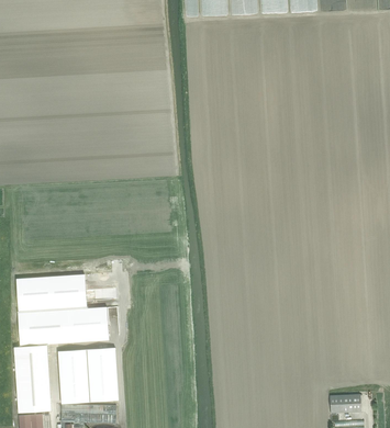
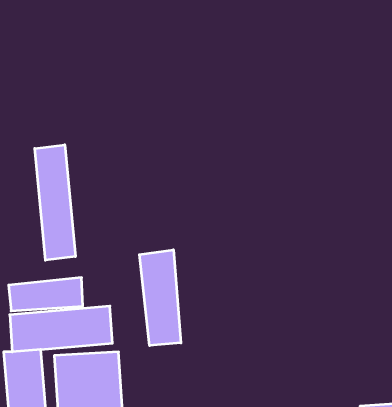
building: none -> [35,145,75,260]
building: none -> [139,250,181,346]

